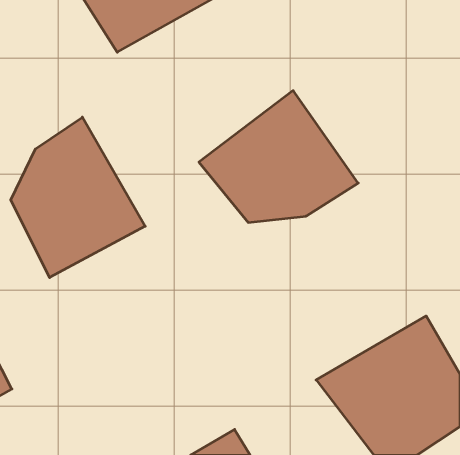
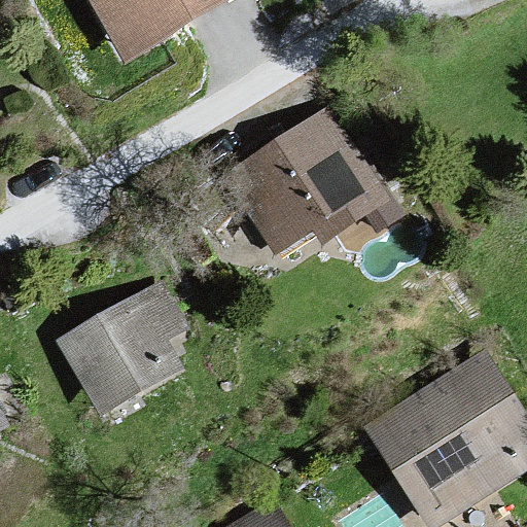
building: [11,117,145,278] -> none
building: none -> [50,277,198,413]

